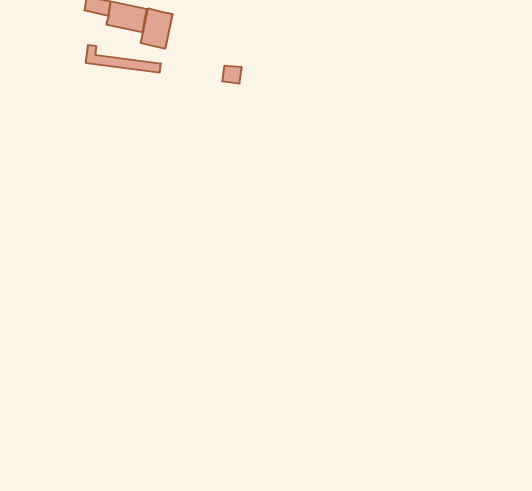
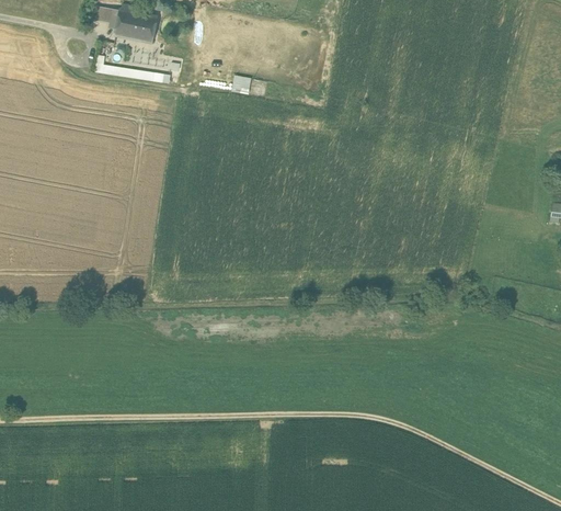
building: [141,8,172,49] -> none

